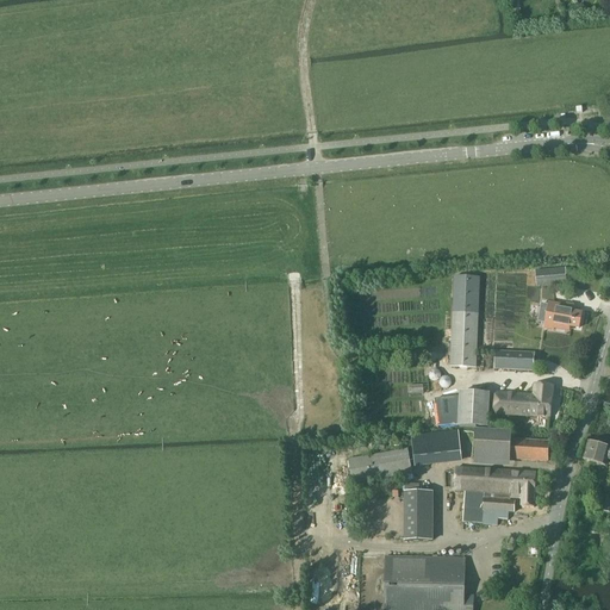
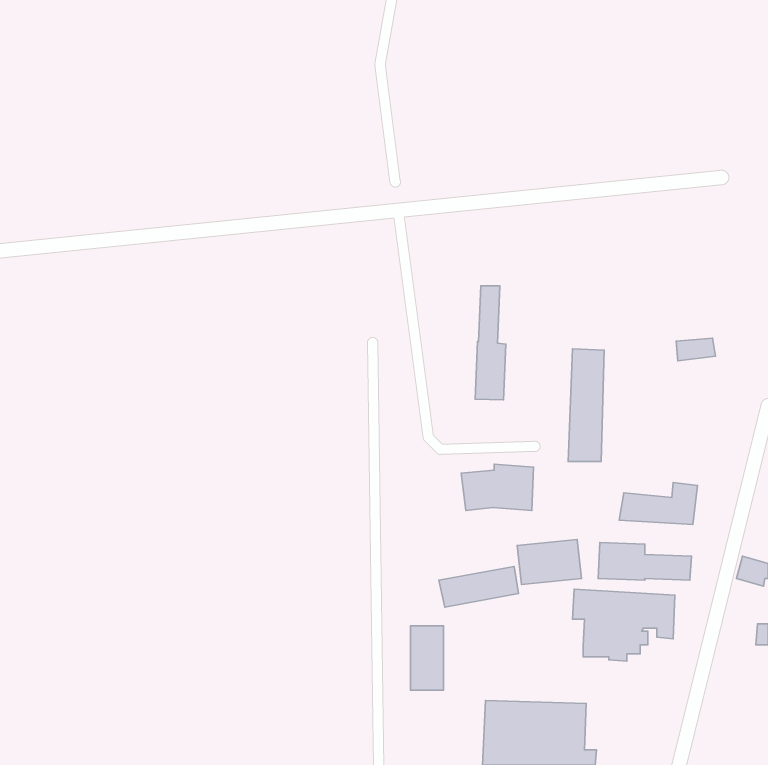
building: none -> [475,286,506,400]
building: [544,303,581,329] -> none
building: [494,350,534,369] -> none
building: [432,391,490,428] -> [461,464,533,511]
building: [404,490,430,541] -> [411,626,444,690]

